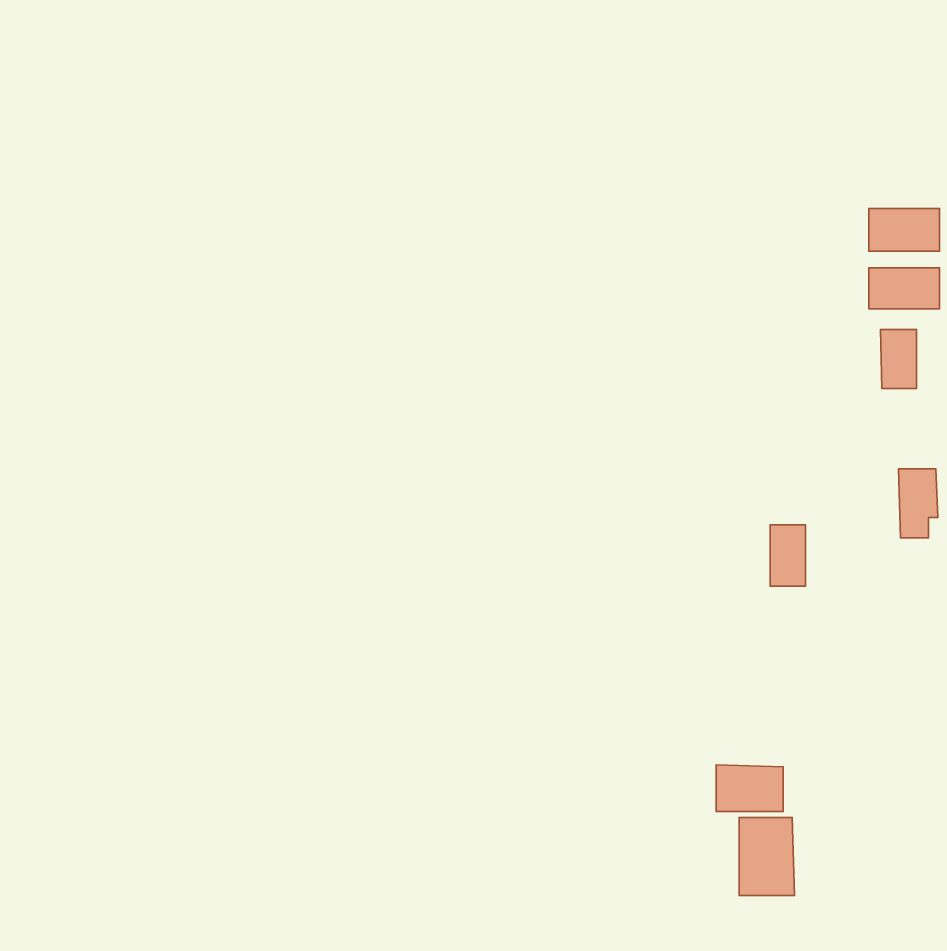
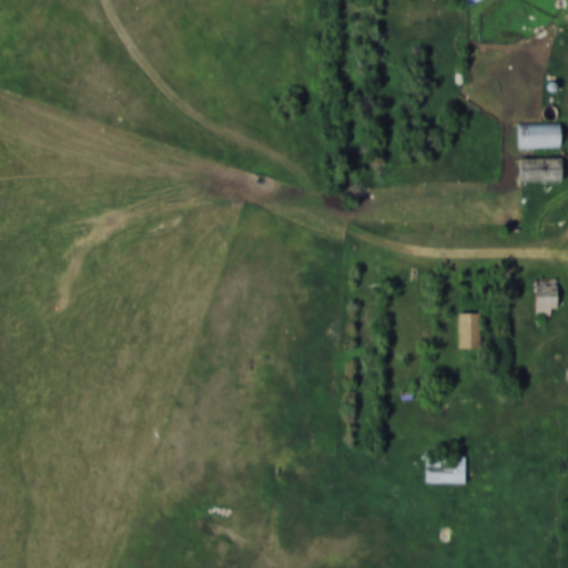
building: [881,330,917,389] -> none
building: [739,817,795,896] -> none

